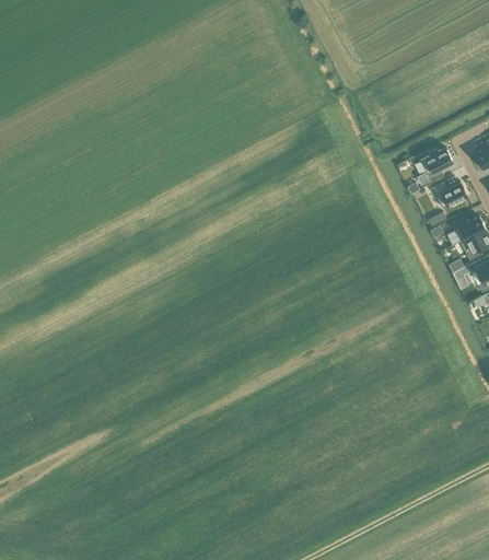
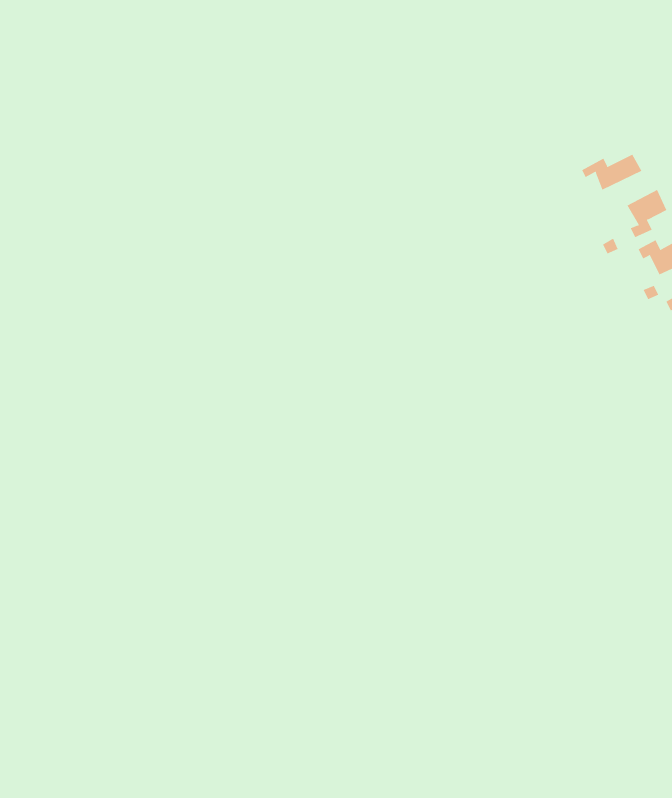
building: none -> [582,154,642,190]

